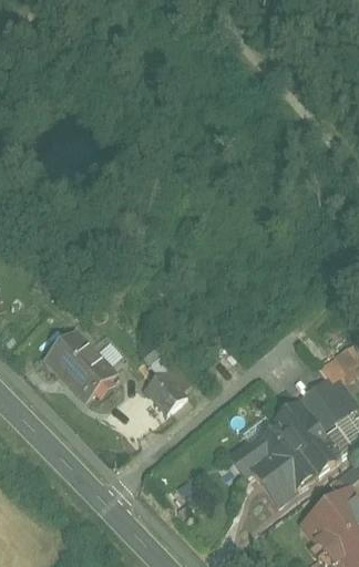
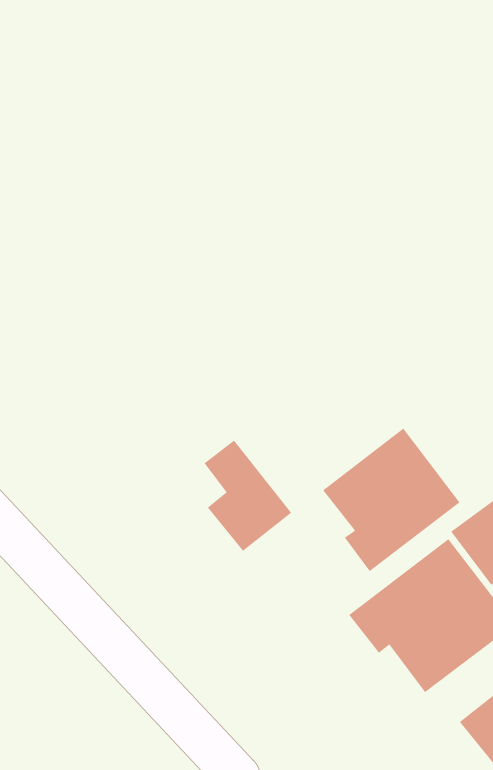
building: [44,330,116,403] -> none
building: none -> [322,427,461,572]

